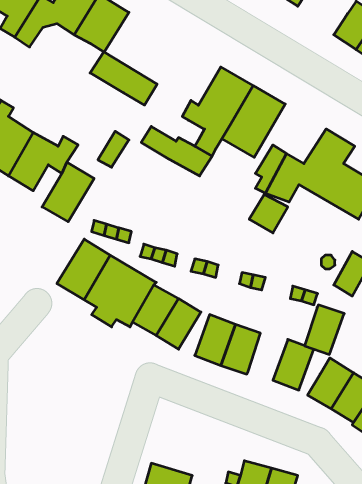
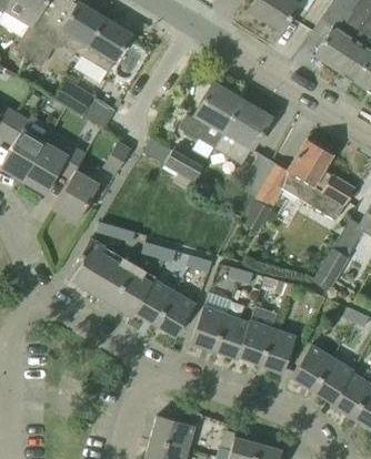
building: [90,52,157,105] -> [56,80,116,128]
building: [305,305,344,354] -> [238,319,273,364]
building: none -> [151,415,194,449]

